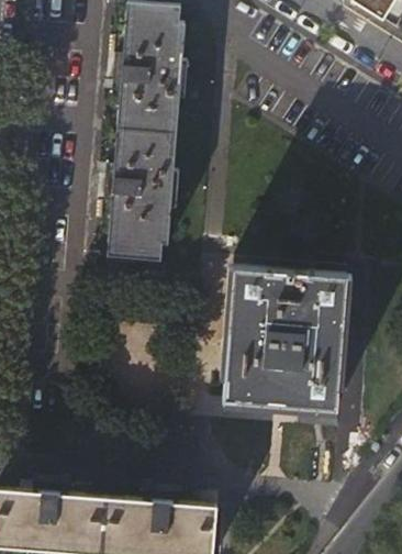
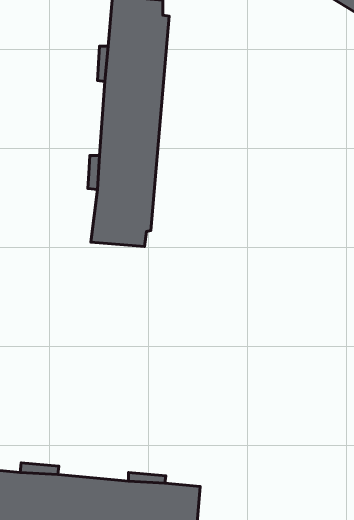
building: [223,268,346,409] -> none

